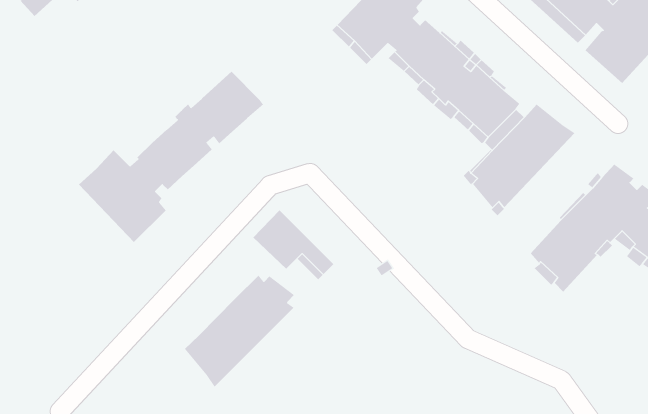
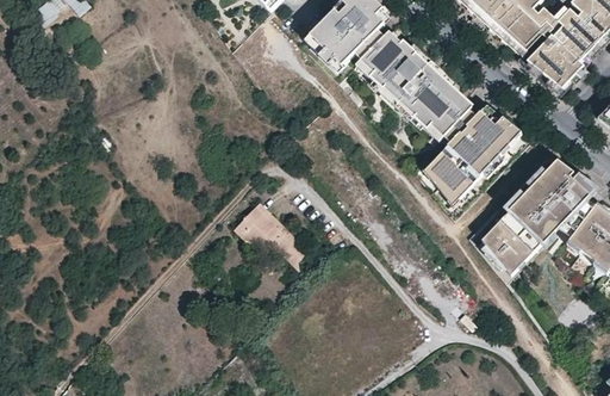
building: [78,71,264,243] -> none
building: [184,275,295,387] -> none

